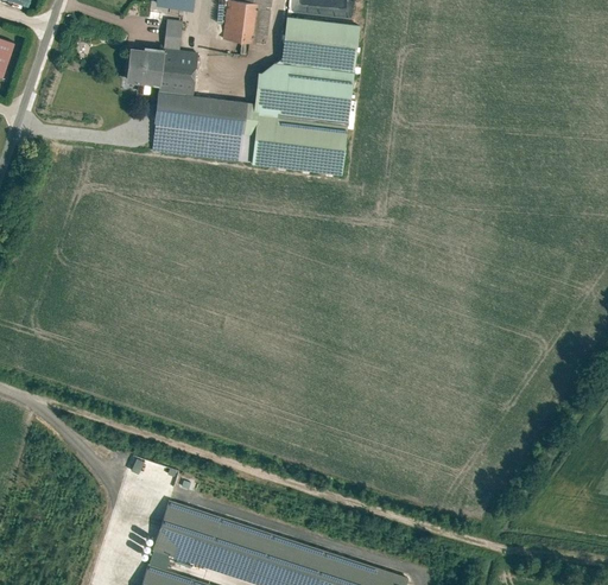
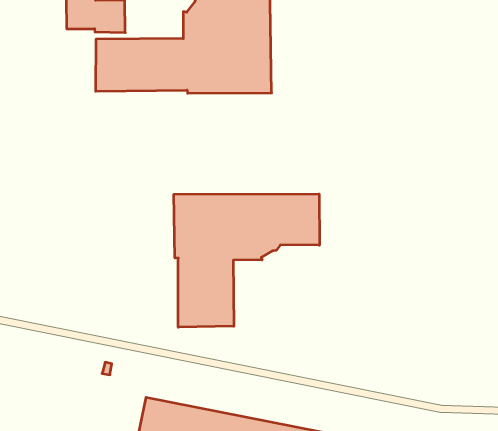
building: none -> [174,194,319,327]

